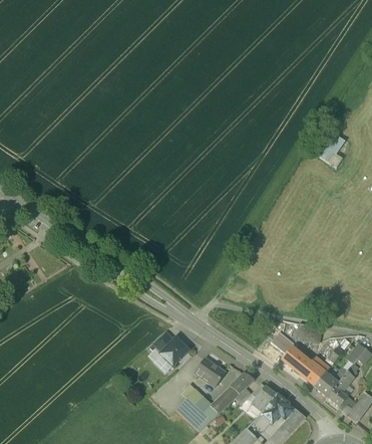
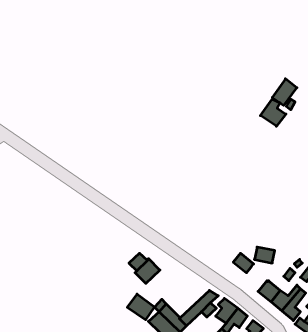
building: none -> [260,99,286,126]
building: [283,348,310,375] -> none
building: [195,358,226,387] -> [127,294,155,320]

